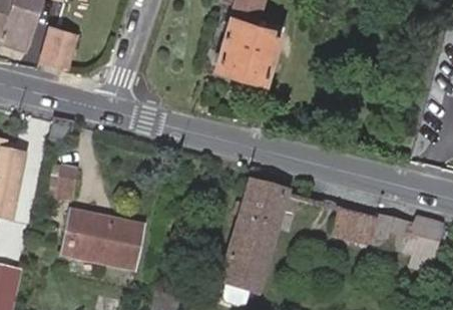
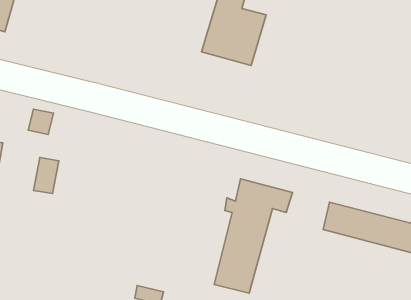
building: [43,23,80,67] -> none
building: [61,211,143,267] -> none

